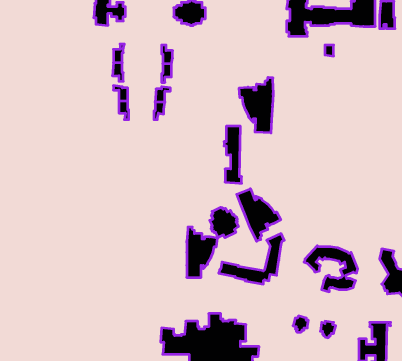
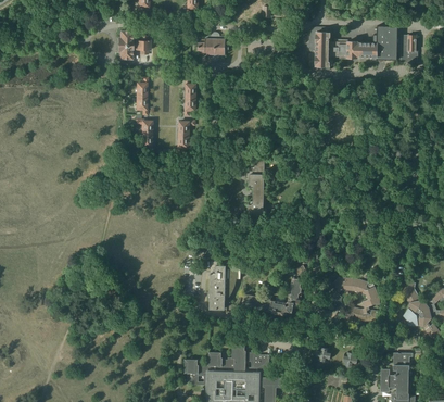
building: [239,77,273,133] -> none
building: [237,189,281,241] -> none
building: [210,207,238,238] -> none

